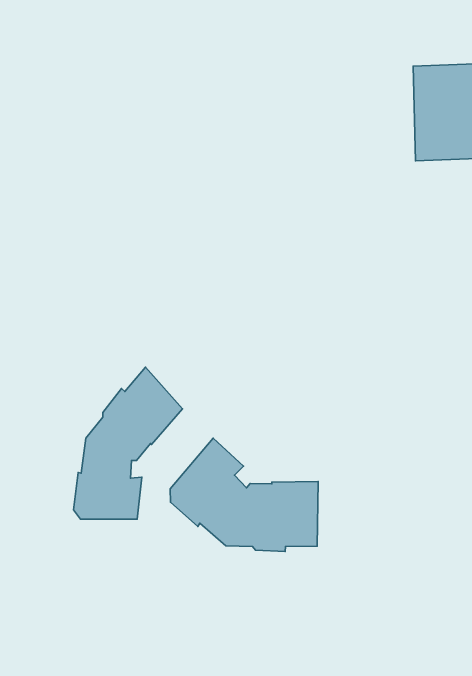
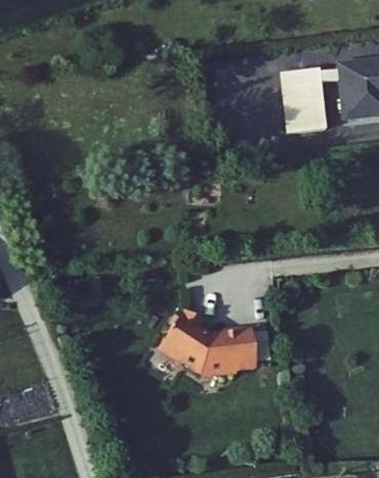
building: [73,367,182,519] -> none

